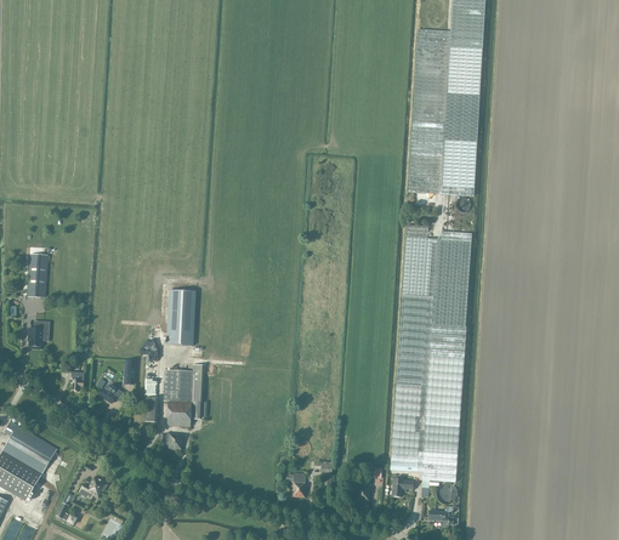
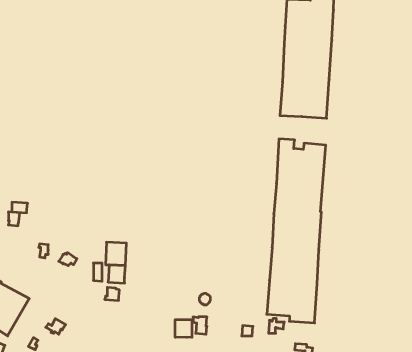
building: [28,254,47,297] -> none
building: [167,289,194,346] -> none
building: none -> [175,320,192,337]

